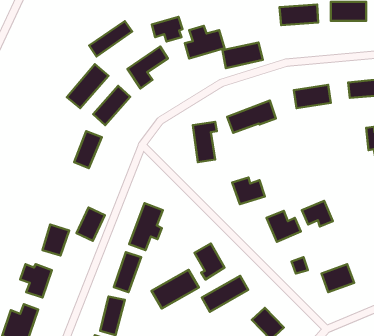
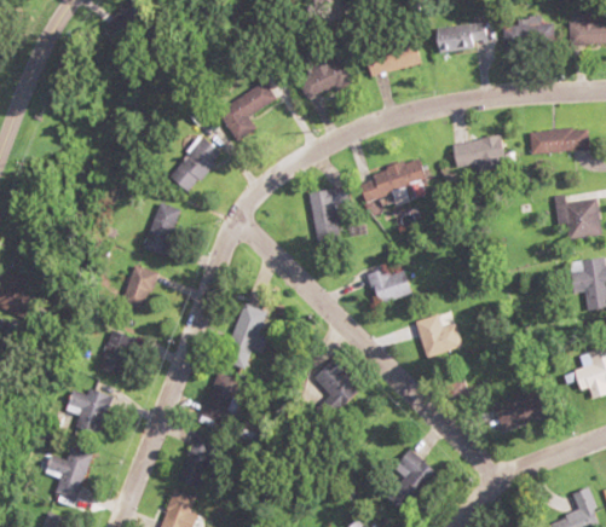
building: [152,17,183,41] -> none
building: [89,21,132,56] -> none
building: [223,43,263,68] -> [365,39,422,75]
building: [67,64,108,108] -> none
building: [302,201,333,226] -> none
building: [76,207,105,241] -> [120,264,160,311]
building: [151,270,199,309] -> none
building: [202,276,248,312] -> none

